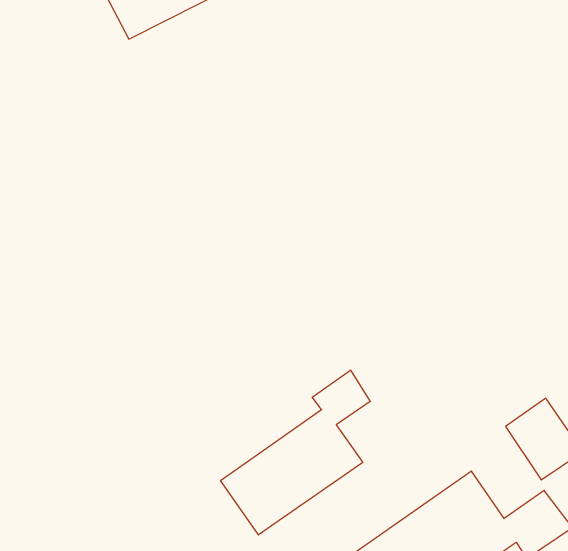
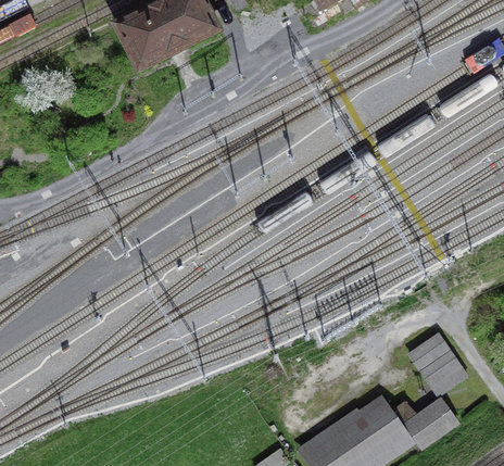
building: [221,370,370,535] -> none

